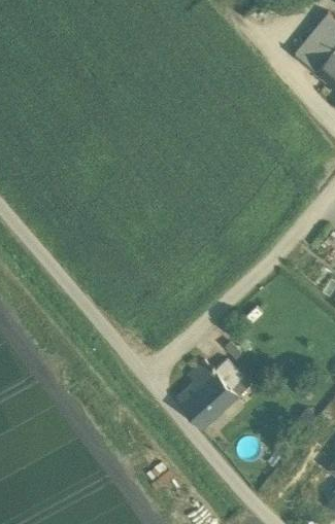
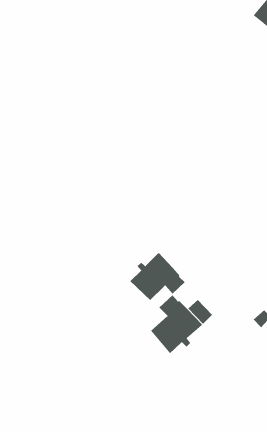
building: none -> [130,252,185,301]

